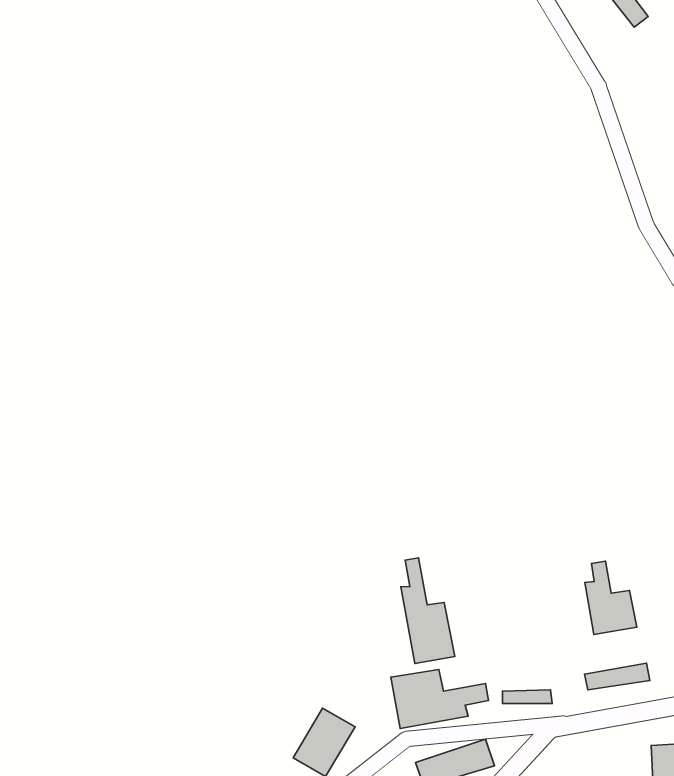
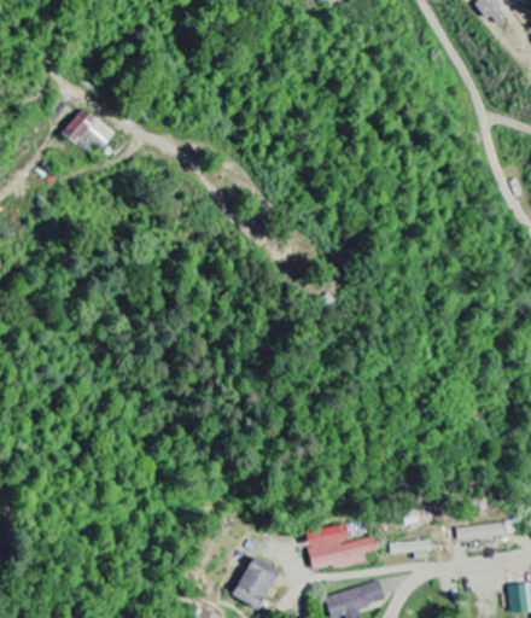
building: none -> [62,106,116,147]
building: [401,558,455,664] -> none
building: [585,561,637,635] -> none

